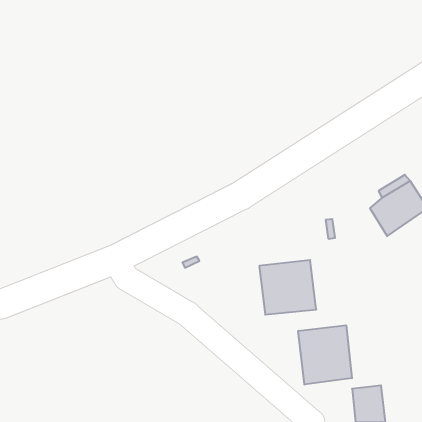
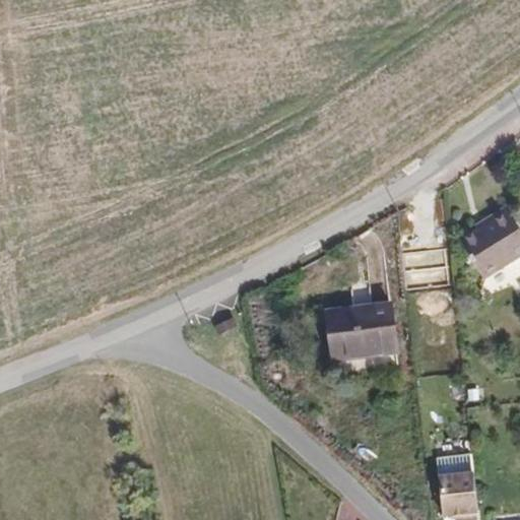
building: [298,325,352,385] -> none

